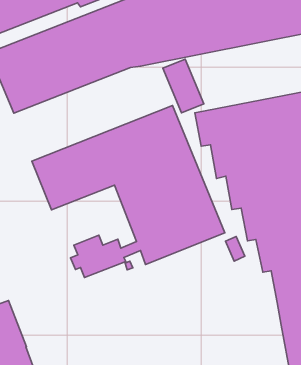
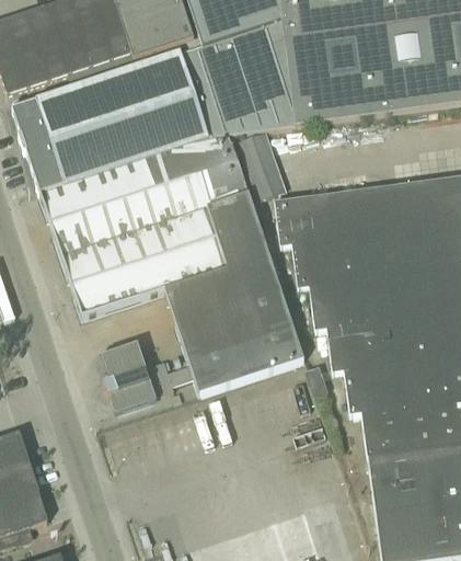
building: none -> [39,136,246,251]

